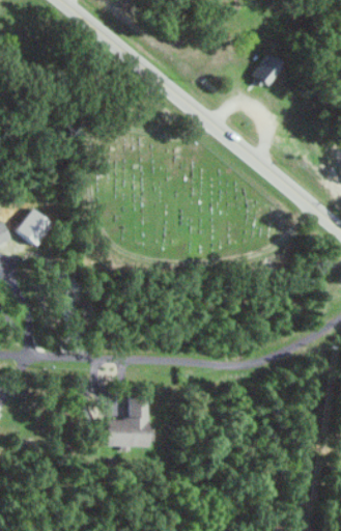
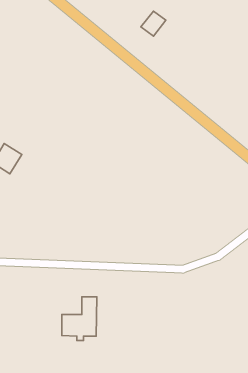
building: [251,55,282,86] -> [141,11,166,36]

